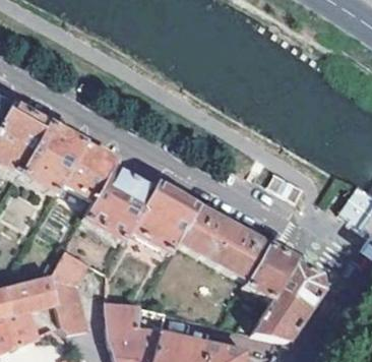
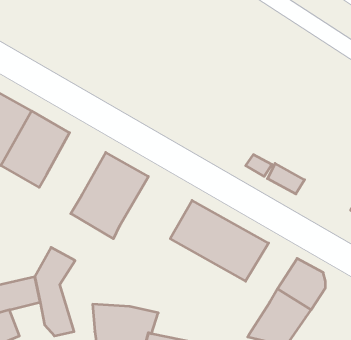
building: [64,144,119,202] -> none
building: [132,185,199,254] -> none
building: [247,247,297,302] -> none

